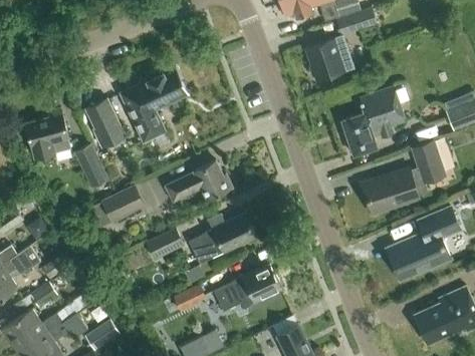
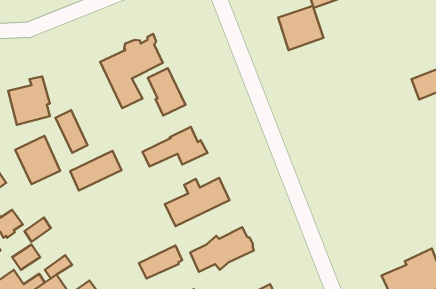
building: [341,88,404,156] -> none
building: [85,99,125,148] -> [148,68,185,116]
building: [363,139,453,215] -> none
building: none -> [15,136,60,184]
building: [386,208,459,281] -> none
building: [145,227,184,259] -> none

